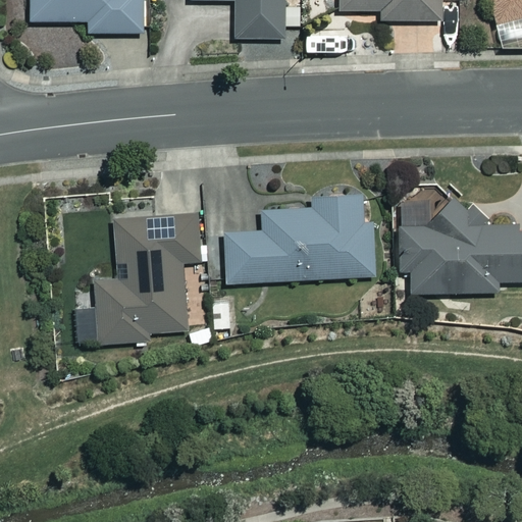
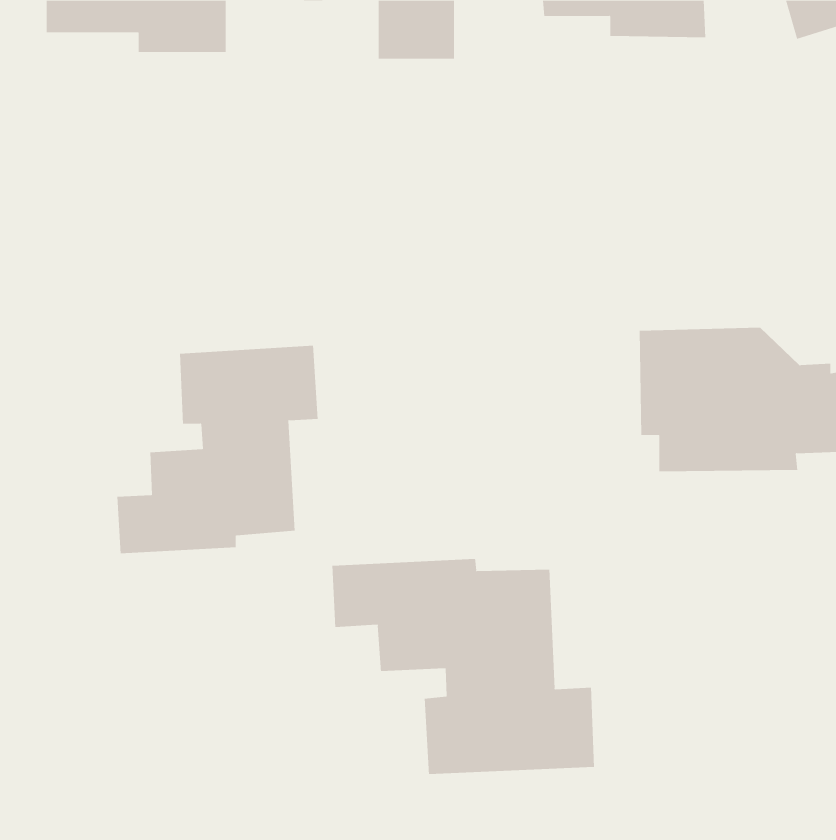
building: [224,195,376,282] -> none
building: none -> [332,558,594,775]

